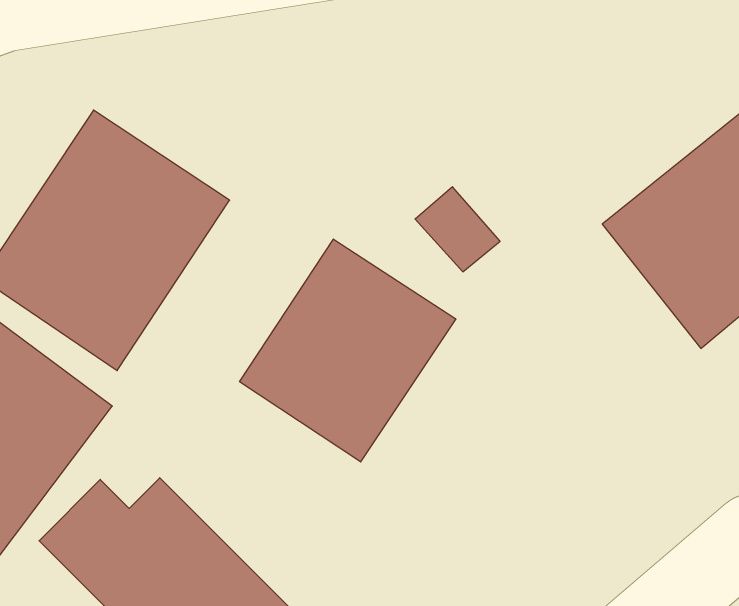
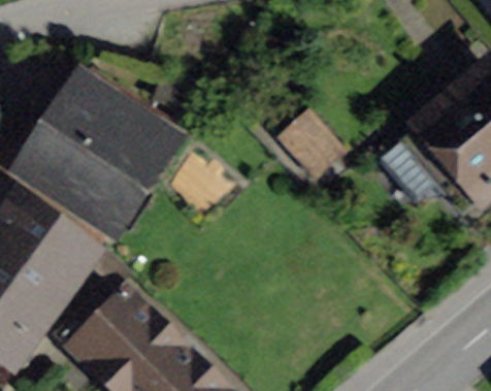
building: [240,239,456,462] -> none

